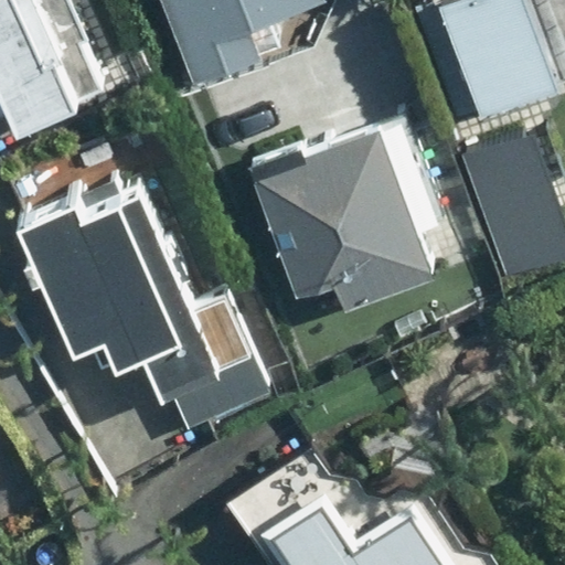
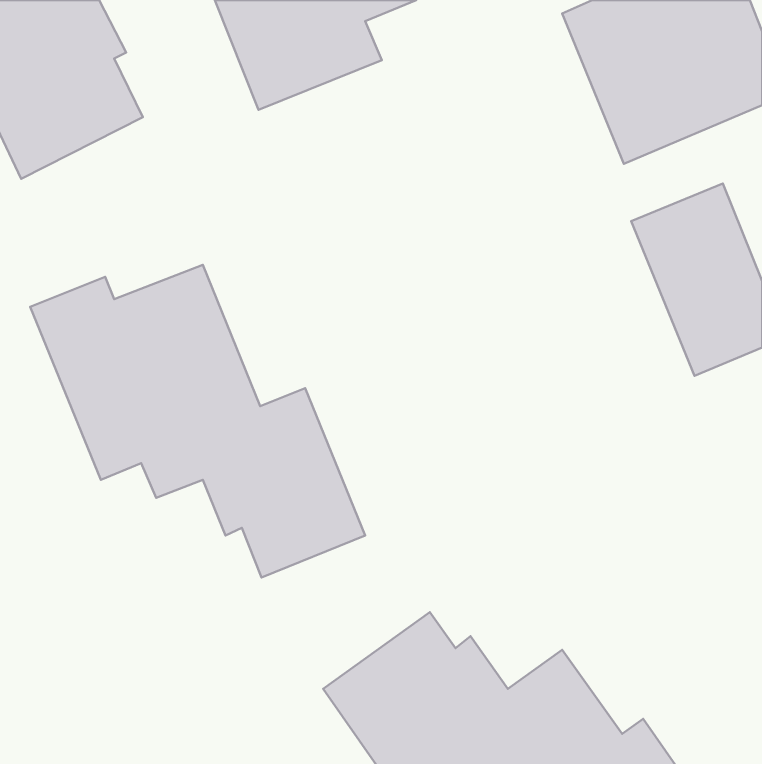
building: [249,115,446,313] -> none

